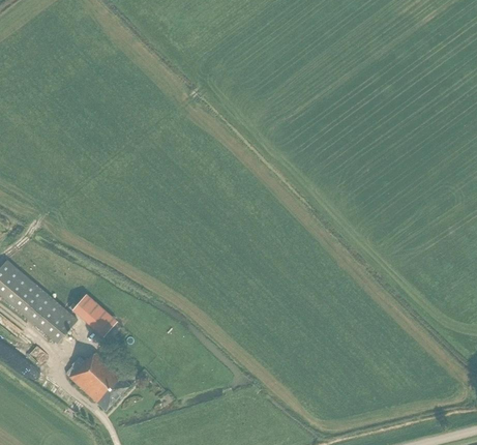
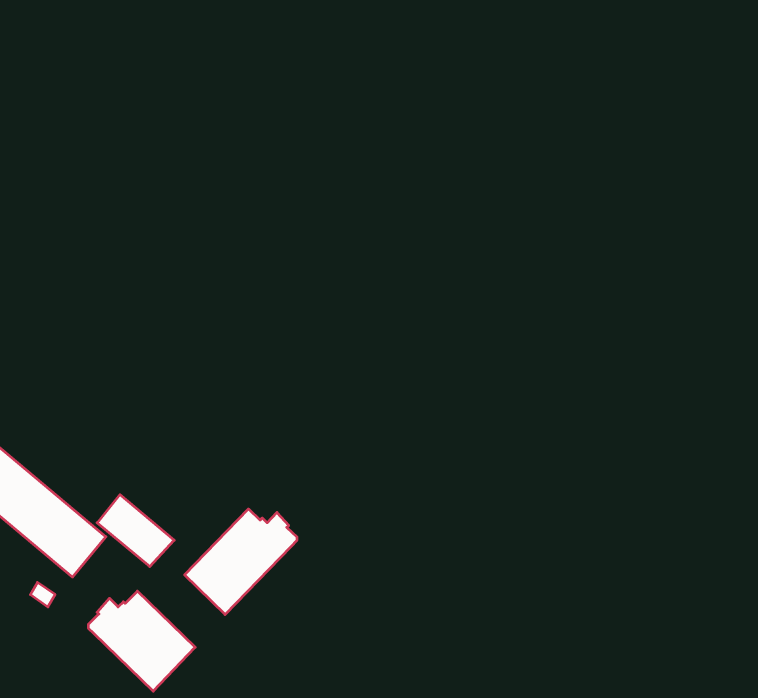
building: none -> [185,509,297,615]

